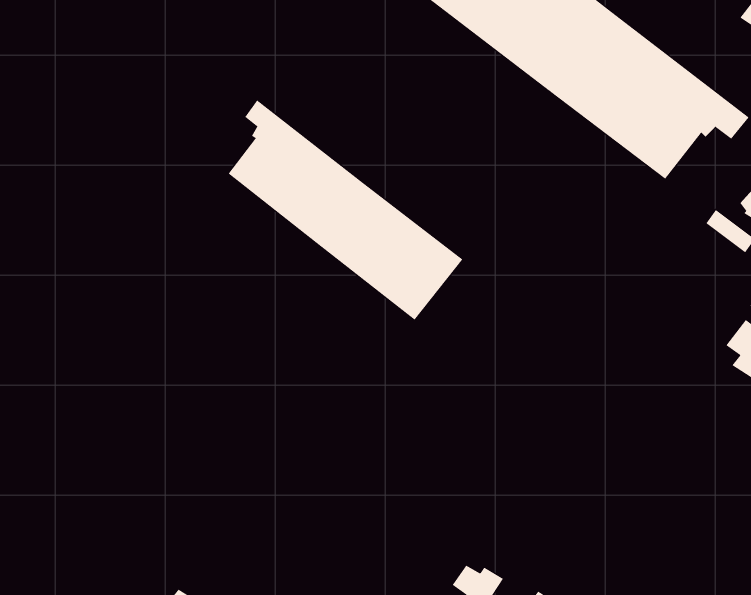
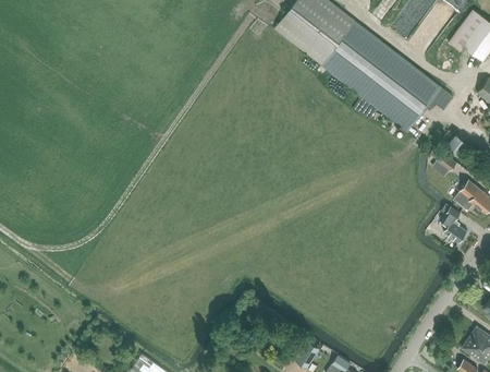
building: [228,100,463,321] -> none

